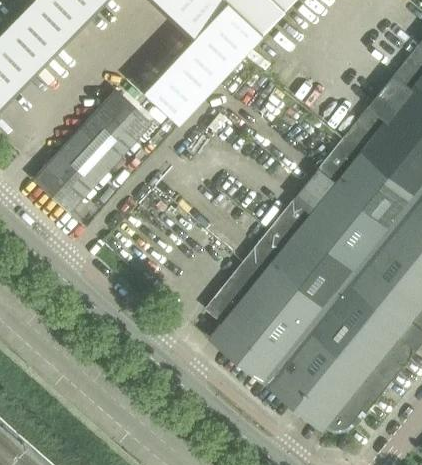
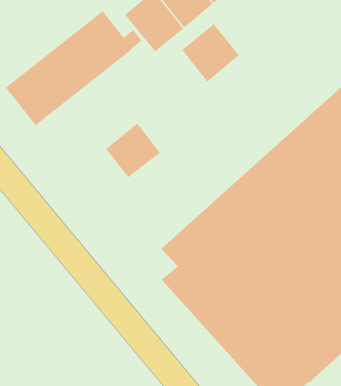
building: none -> [181,23,240,83]
building: none -> [105,122,161,178]

